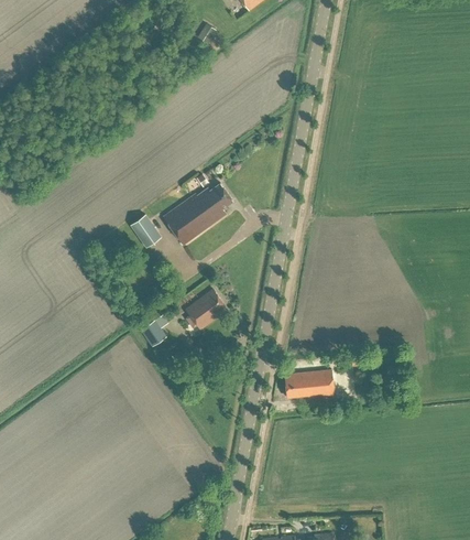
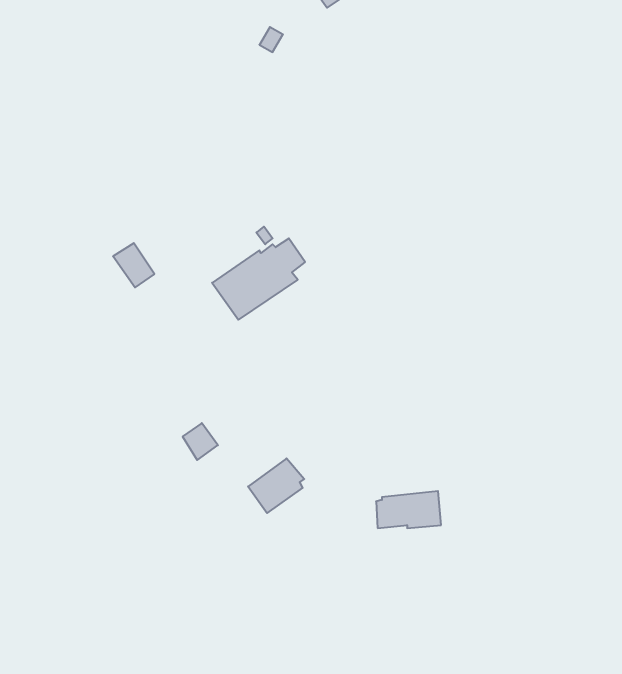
building: [129,214,160,247] -> [113,243,154,287]
building: [184,288,226,328] -> [248,458,304,513]

